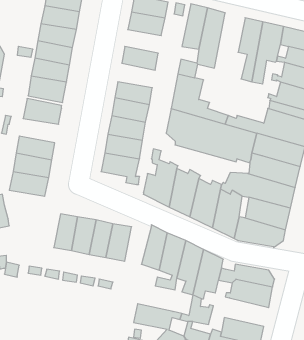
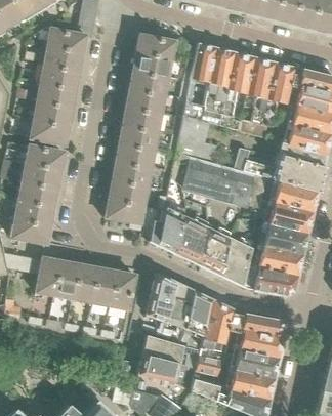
building: none -> [220,52,255,130]
building: none -> [130,70,168,94]
building: none -> [123,105,162,130]
building: none -> [20,162,61,188]
building: none -> [5,252,64,296]
building: none -> [143,335,184,363]
building: none -> [231,348,280,378]

